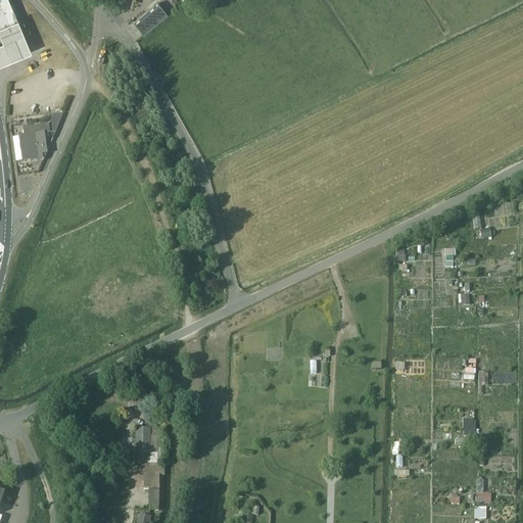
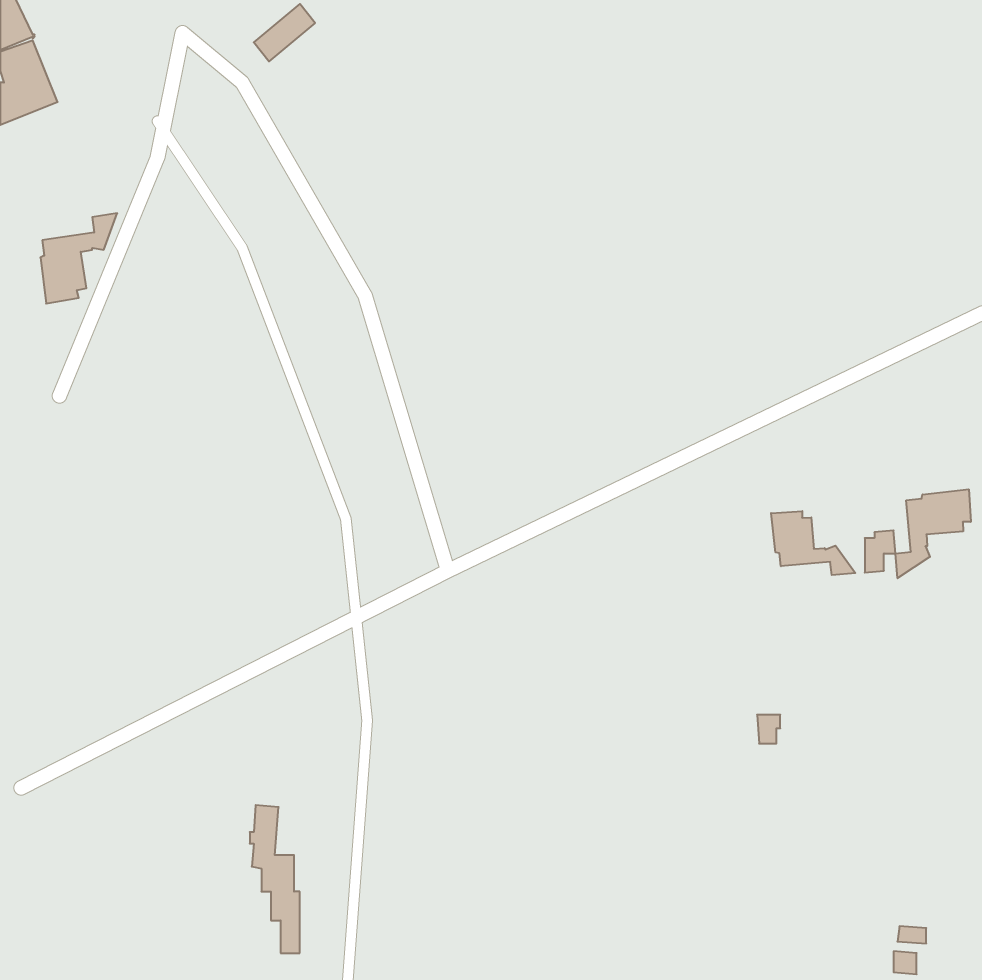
building: none -> [896,489,971,578]
building: none -> [771,511,855,575]

